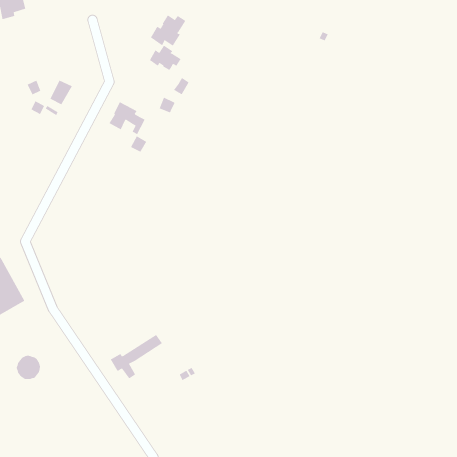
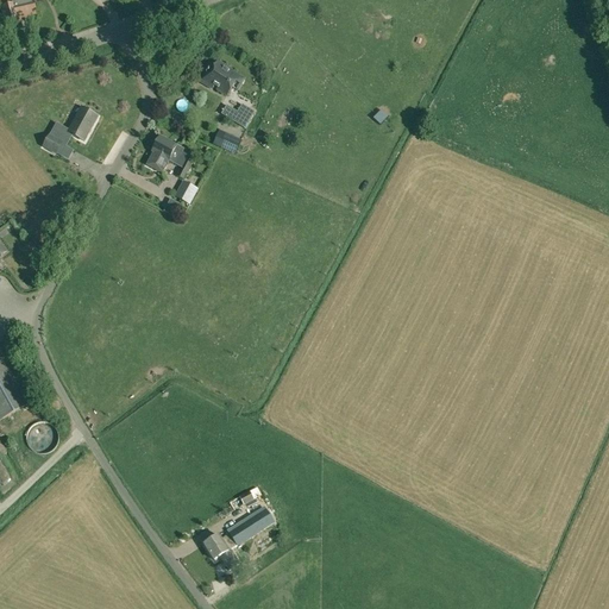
building: [150,14,186,46] -> none
building: [110,334,163,379] -> [202,509,272,569]
building: [16,355,41,380] -> [24,420,57,452]

